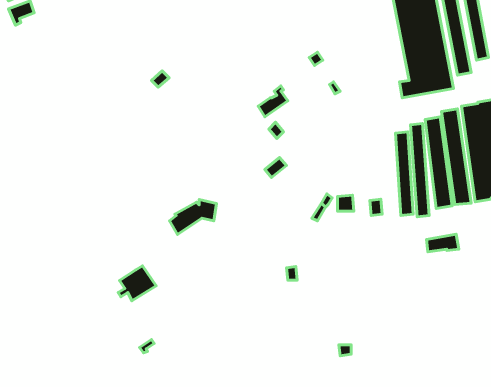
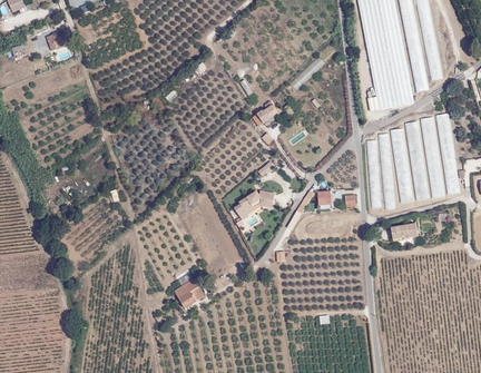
building: [169,199,217,234] -> [235,190,274,219]
building: [118,266,156,301] -> [173,278,204,307]

